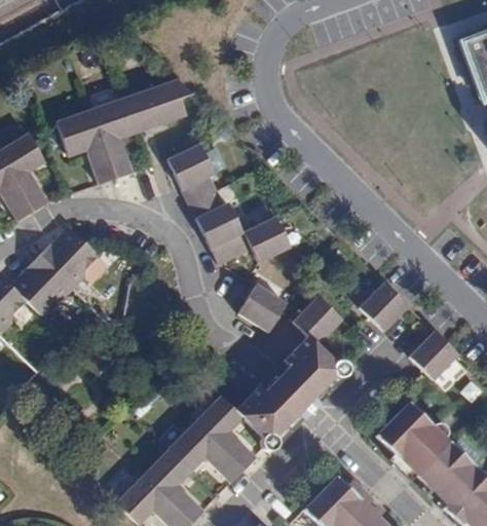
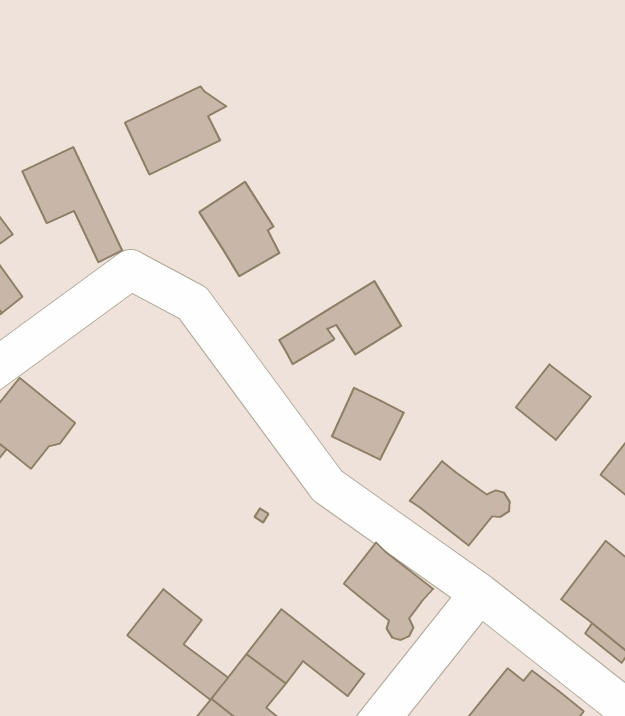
building: [90,97,138,179] -> none
building: [189,191,242,248] -> none
building: [40,226,99,288] -> none
building: [293,296,342,345] -> none
building: [265,366,320,419] -> none
building: [194,394,257,469] -> [127,589,228,700]

